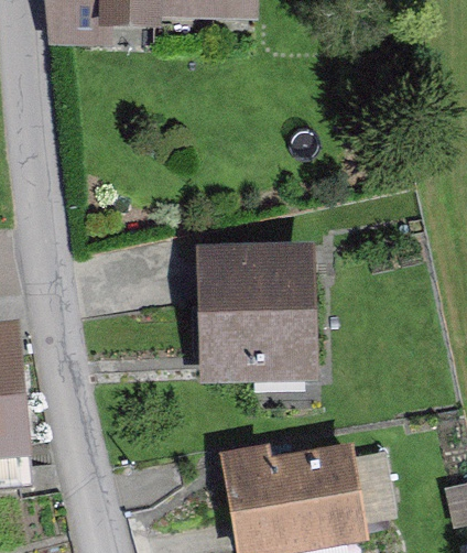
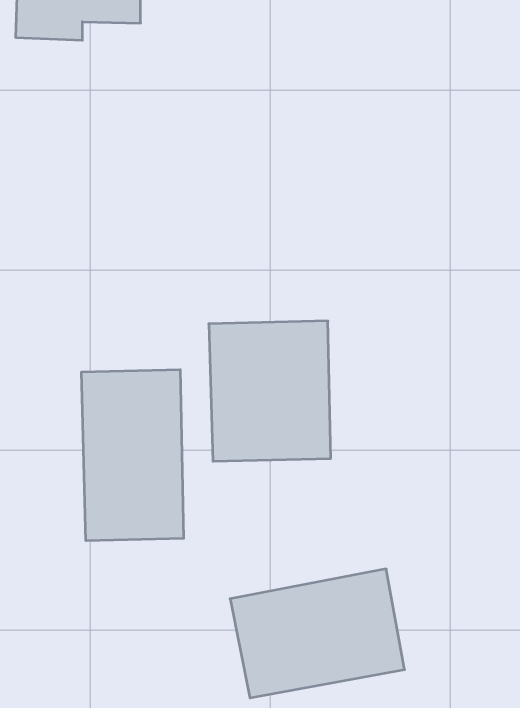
building: none -> [82,370,184,541]

